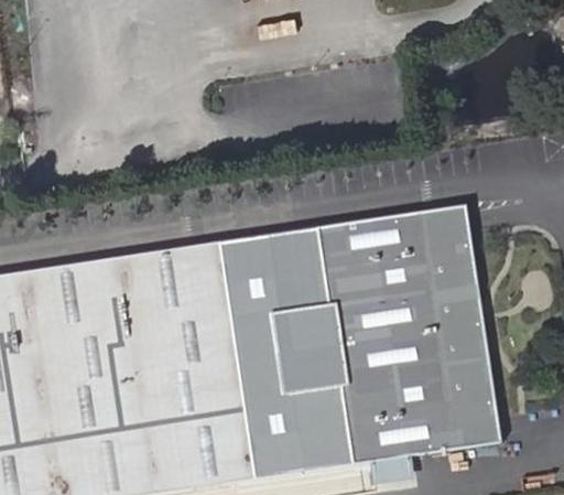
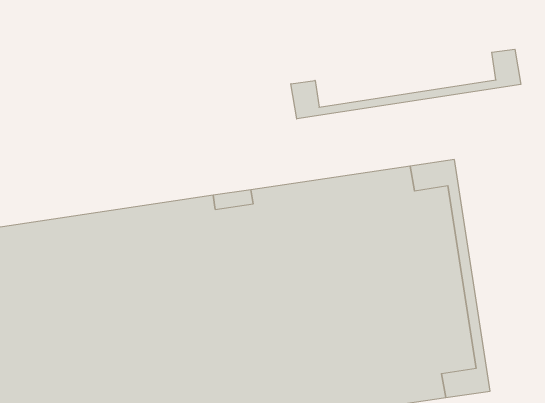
building: none -> [291,49,521,119]

